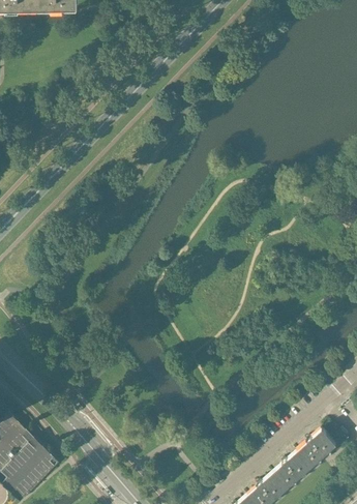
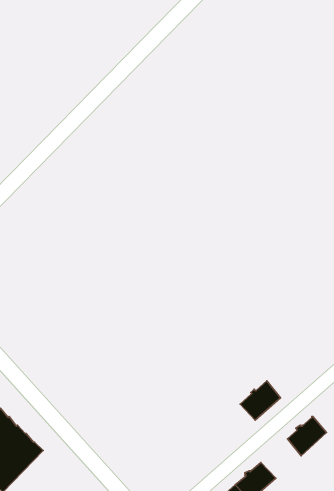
building: [272,451,311,490] -> [240,381,281,420]

